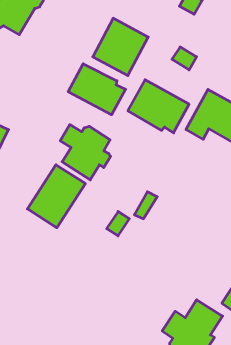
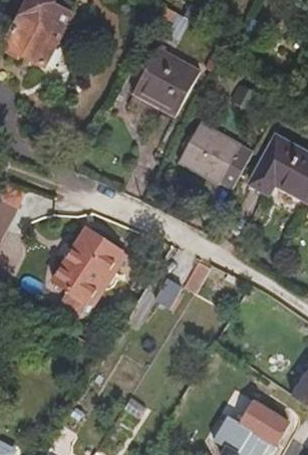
building: [68,64,126,115] -> none
building: [60,125,111,180] -> none

